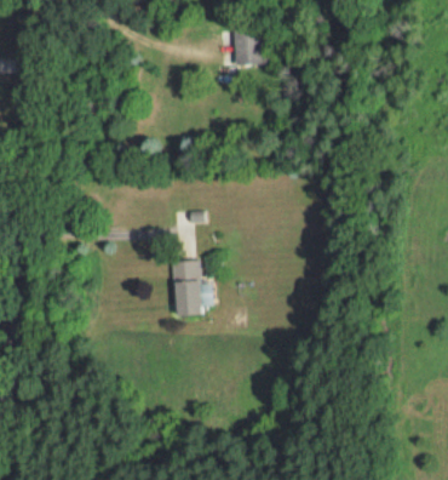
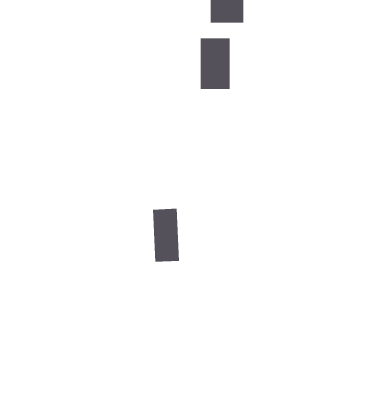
building: none -> [200,38,230,90]

